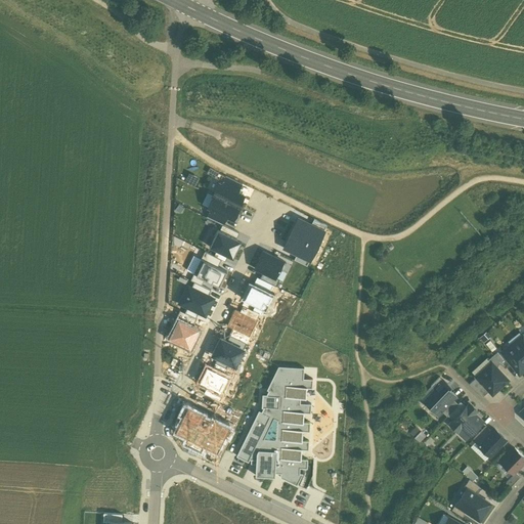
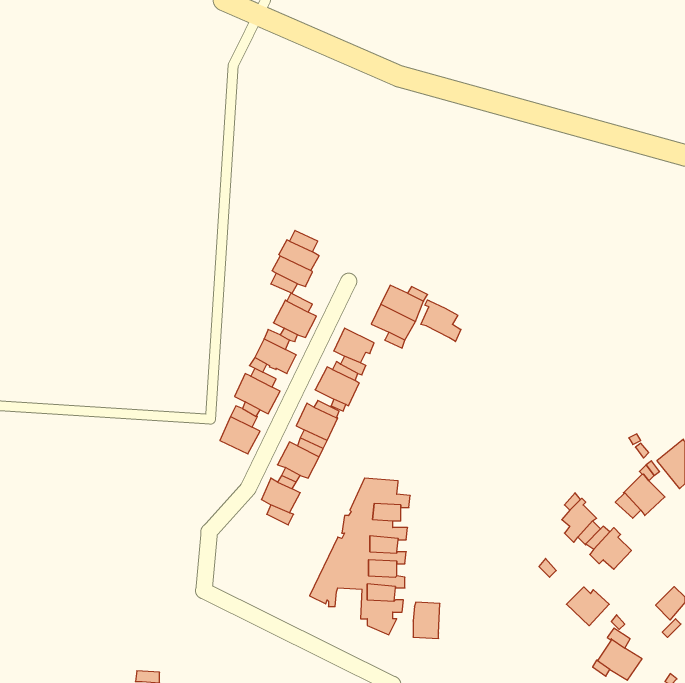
building: none -> [421,300,461,342]
building: [176,406,229,451] -> none
building: [473,427,506,456] -> [566,587,609,626]
building: [256,450,276,478] -> [413,602,440,638]

